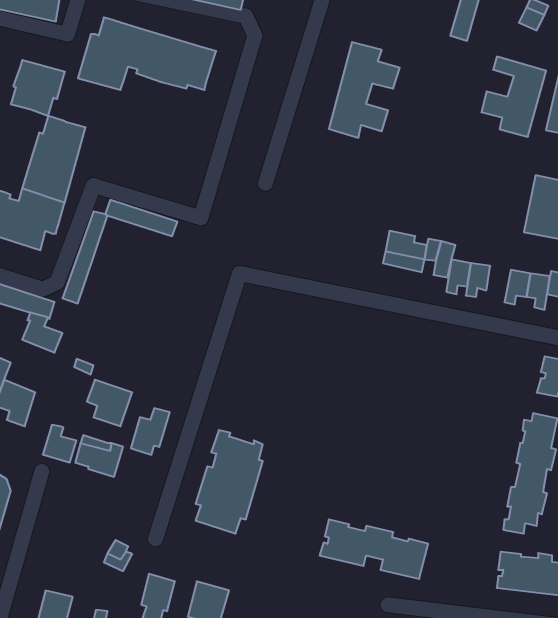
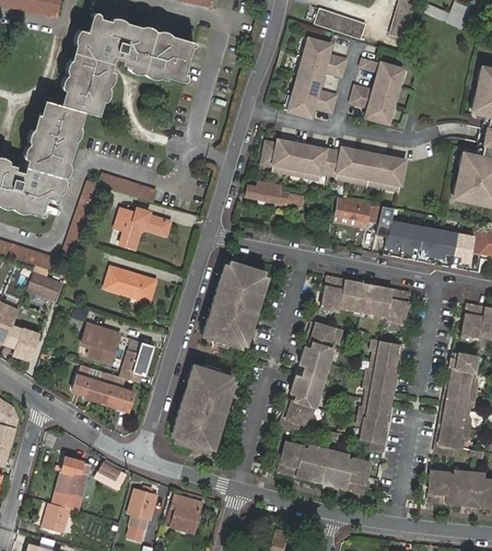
building: none -> [314,7,364,37]
building: [481,57,546,137] -> [349,56,403,124]
building: [11,60,65,116] -> [65,68,110,115]
building: none -> [260,139,406,185]
building: none -> [245,180,288,204]
building: none -> [115,207,171,248]
building: none -> [420,226,441,257]
building: none -> [202,260,265,345]
building: none -> [103,267,154,303]
building: none -> [323,274,411,323]
building: none -> [280,321,342,431]
building: none -> [358,338,405,449]
building: [43,425,76,462] -> [105,379,133,411]
building: none -> [52,456,86,506]

